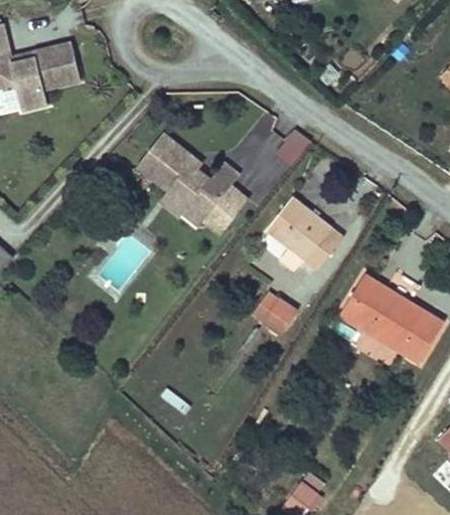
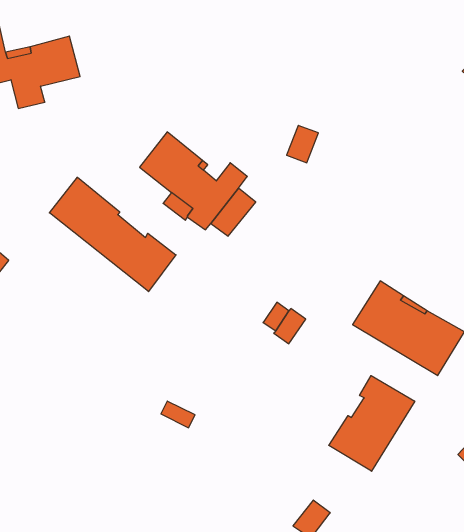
building: none -> [49,177,176,292]
building: [266,196,343,271] -> none
building: none -> [329,376,415,471]

